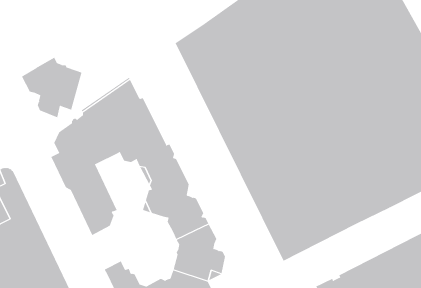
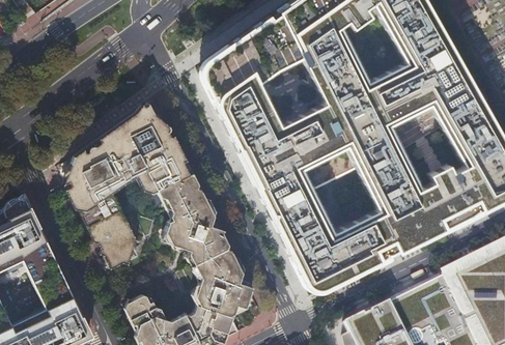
building: [21,57,82,118] -> none

